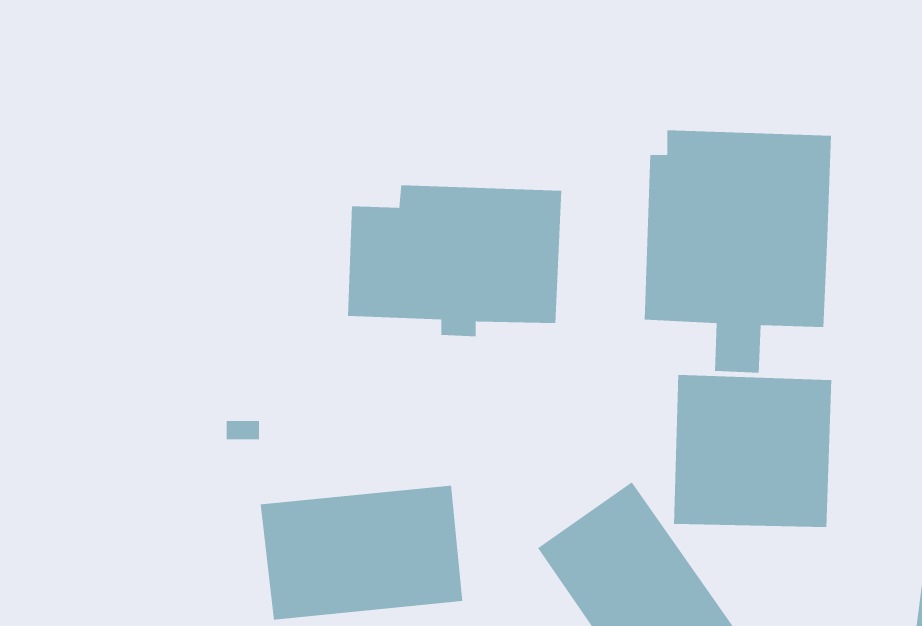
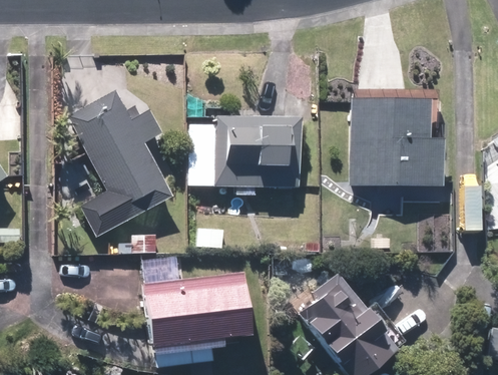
building: none -> [68,88,170,233]
building: [674,374,832,528] -> none

